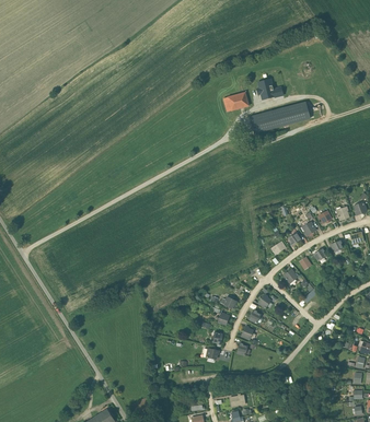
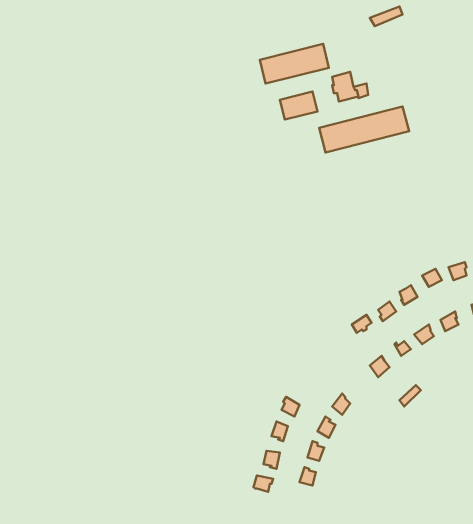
building: none -> [260,44,329,84]

